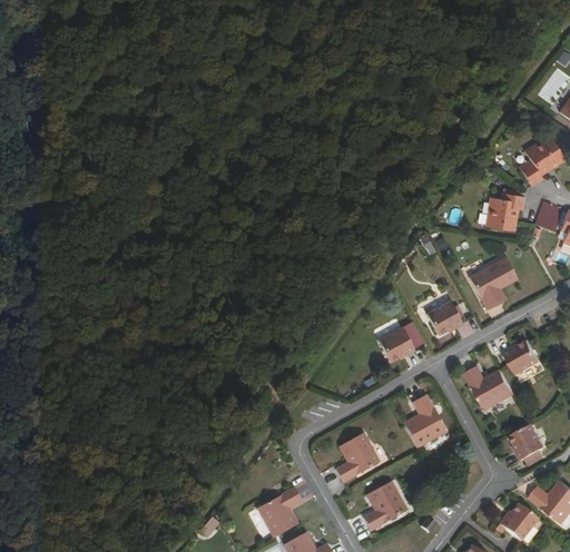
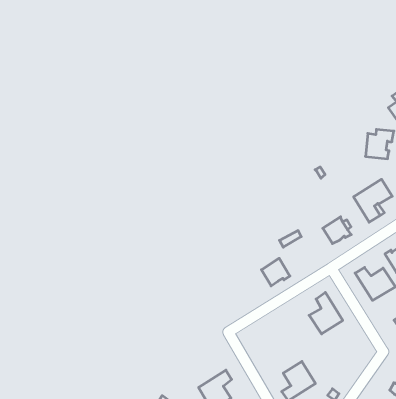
building: [379,327,414,362] -> [261,258,290,286]
building: [336,433,380,482] -> none

